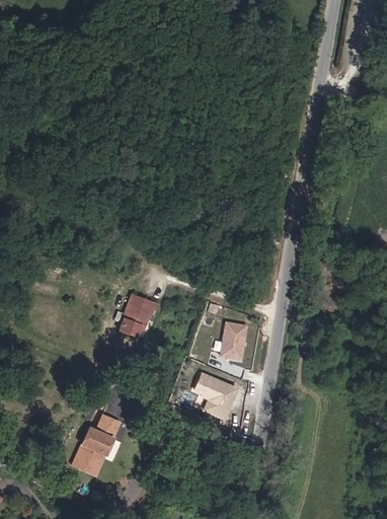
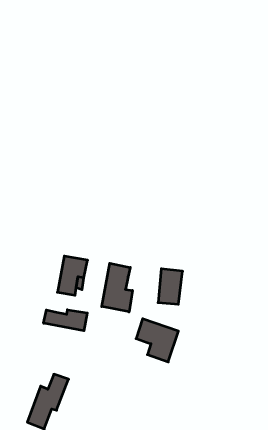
building: none -> [102,263,132,312]
building: none -> [44,310,87,331]

